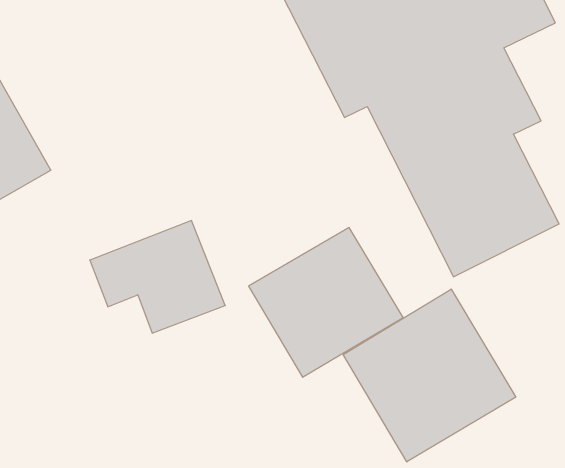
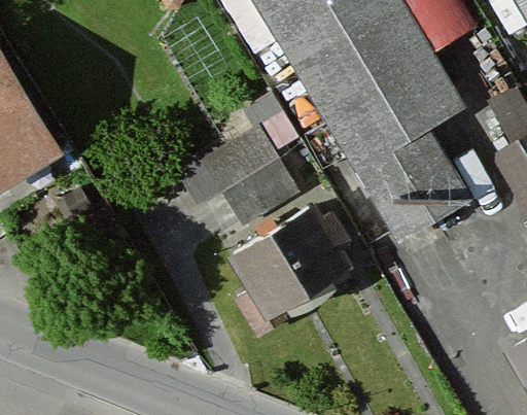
building: [90,221,225,333] -> [184,125,301,221]
building: [343,289,516,462] -> none

